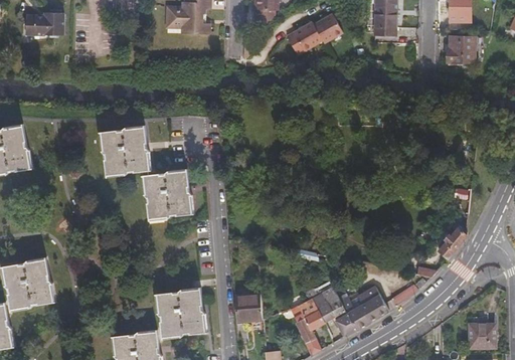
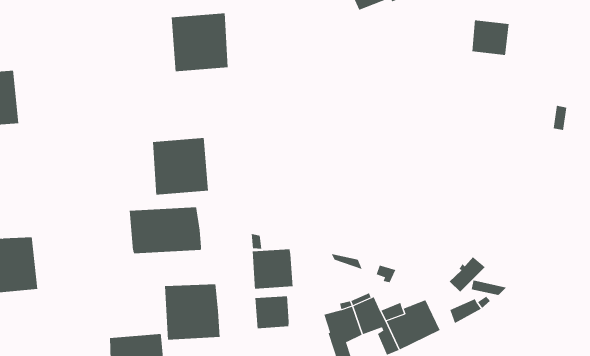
building: [447,37,476,64] -> [472,20,510,56]
building: [95,125,145,176] -> [171,13,228,72]
building: none -> [129,206,202,254]
building: [438,228,467,258] -> [449,256,486,292]
building: none -> [252,248,293,290]

